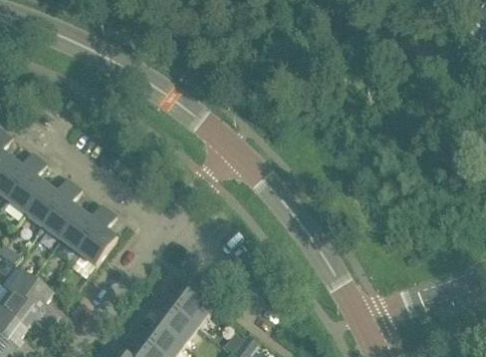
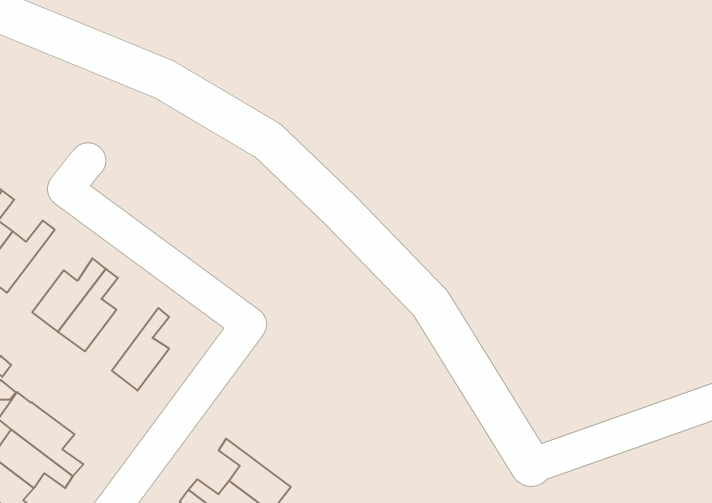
building: [7,156,46,212] -> none
building: [59,204,108,251] -> none
building: [154,288,210,328] -> none

